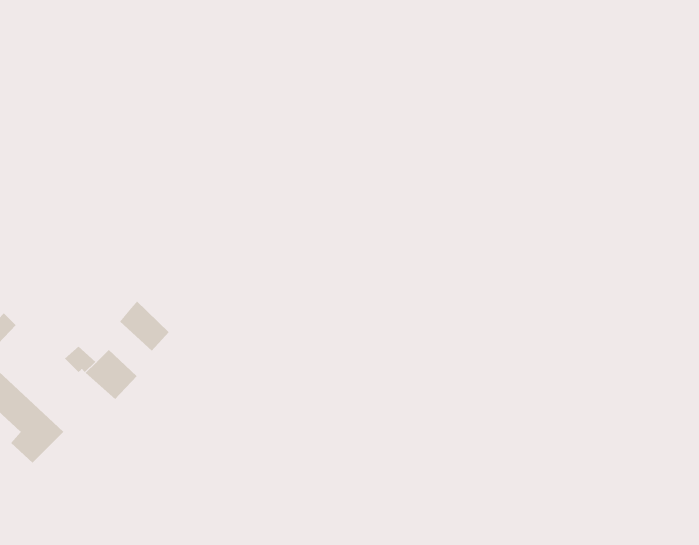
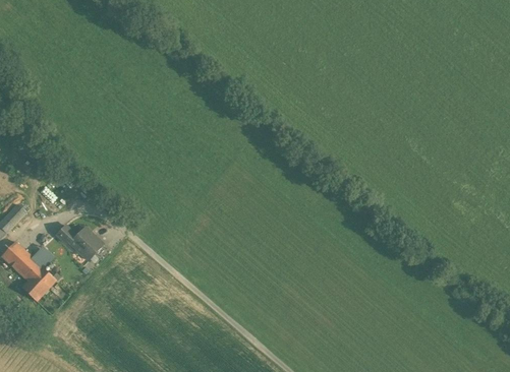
building: [119,301,170,351] -> none

